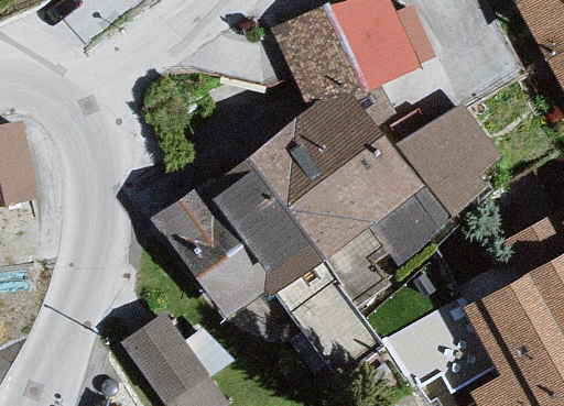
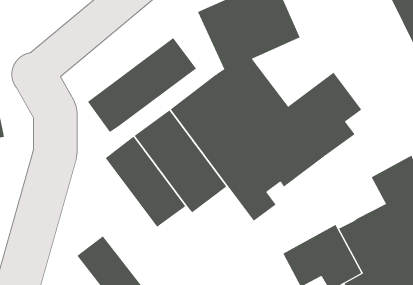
building: none -> [87,37,197,133]
building: [275,256,386,377] -> none

